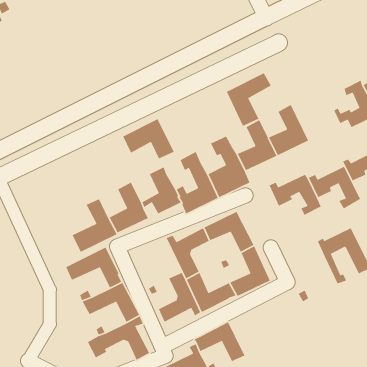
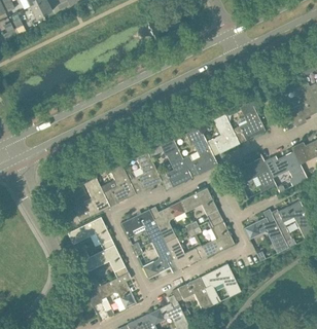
building: [226,72,272,127] -> none
building: [122,118,175,159] -> none
building: none -> [121,209,163,242]
building: none -> [244,209,288,253]
building: none -> [201,263,241,304]

